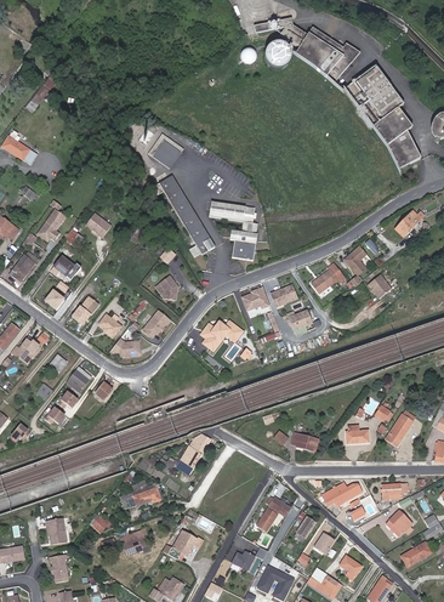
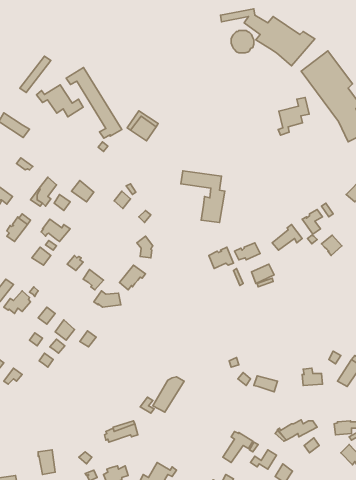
building: none -> [36,85,83,117]
building: none -> [278,97,309,135]
building: [152,176,215,256] -> [66,67,122,138]
building: [203,322,243,351] -> none

